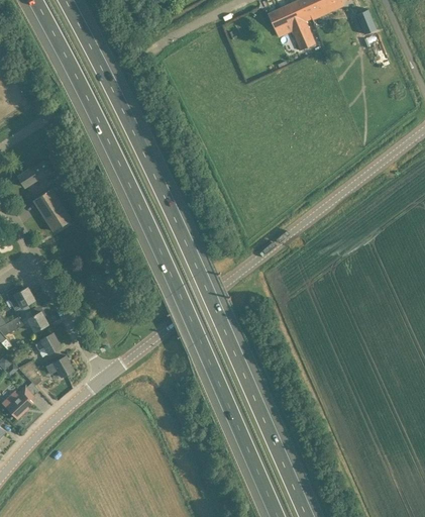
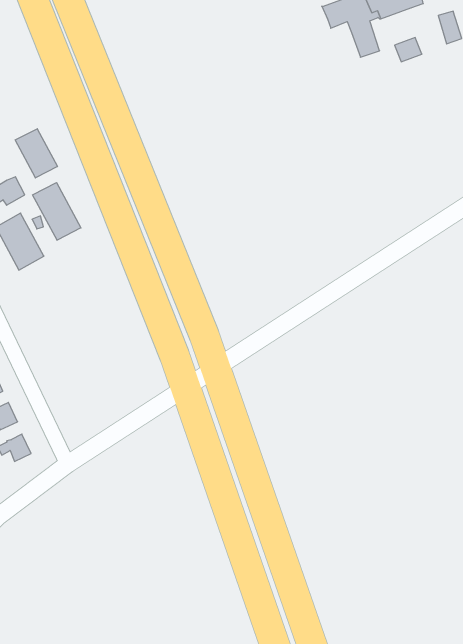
building: none -> [15,129,57,178]
building: none -> [33,183,81,240]

